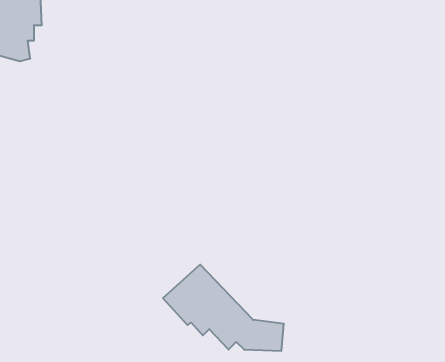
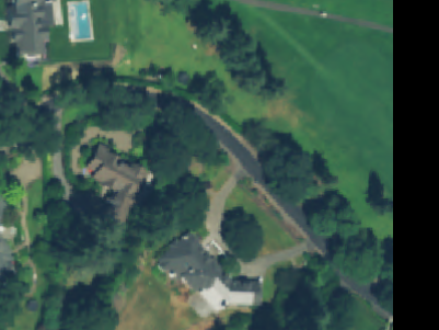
building: none -> [88,144,148,229]

